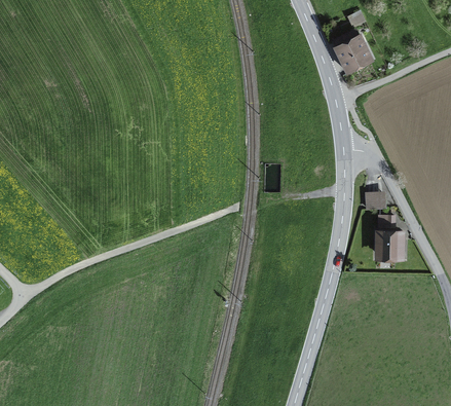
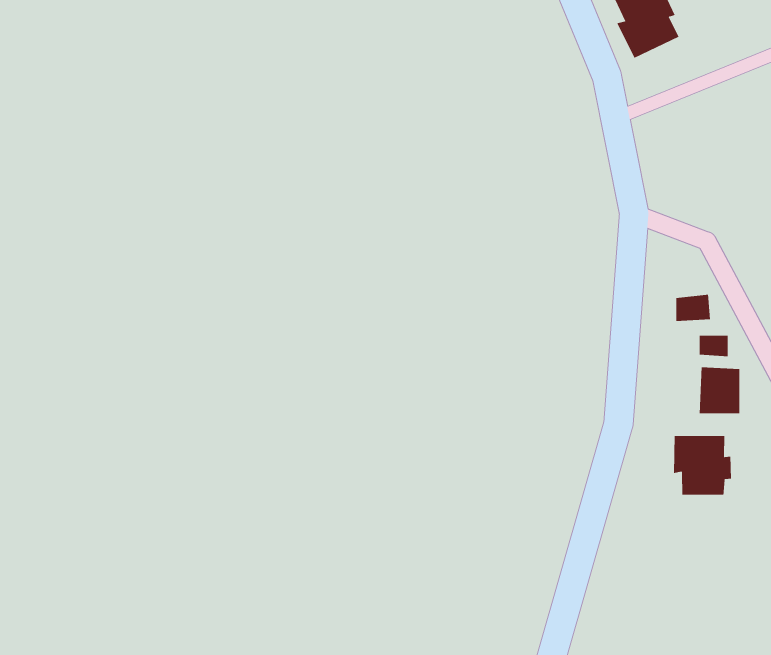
building: none -> [673,435,731,496]

